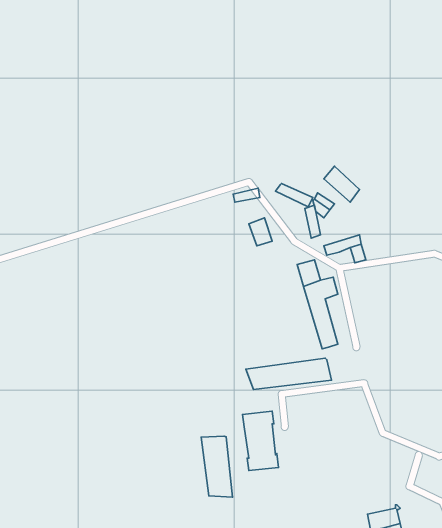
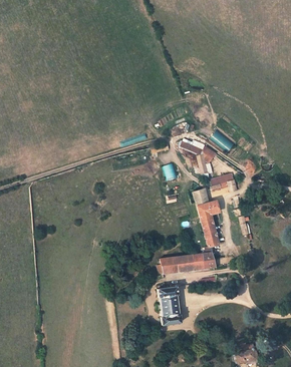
building: [201,436,233,497] -> none

